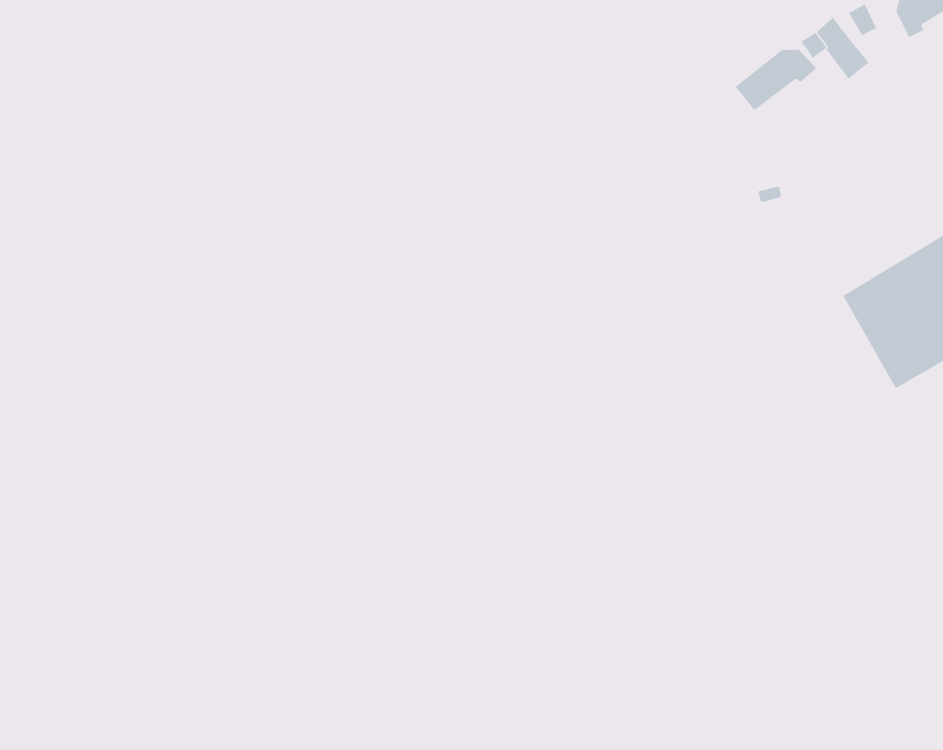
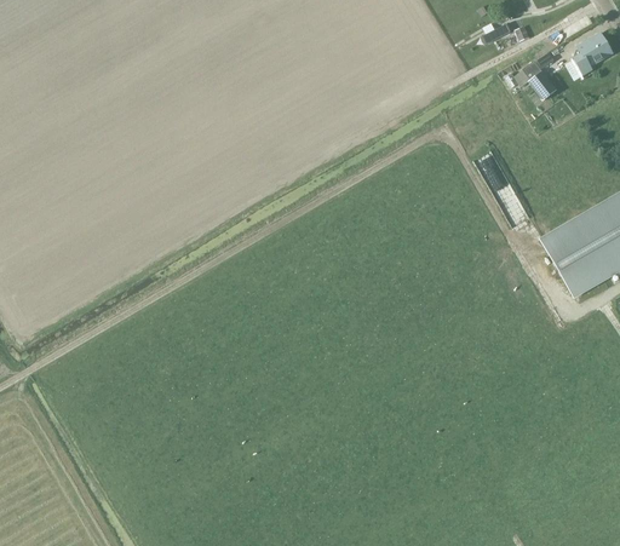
building: [735,49,817,111] -> none

